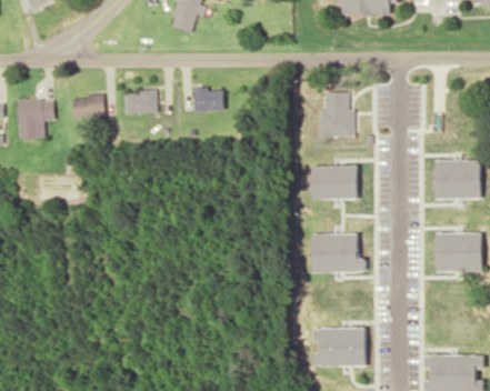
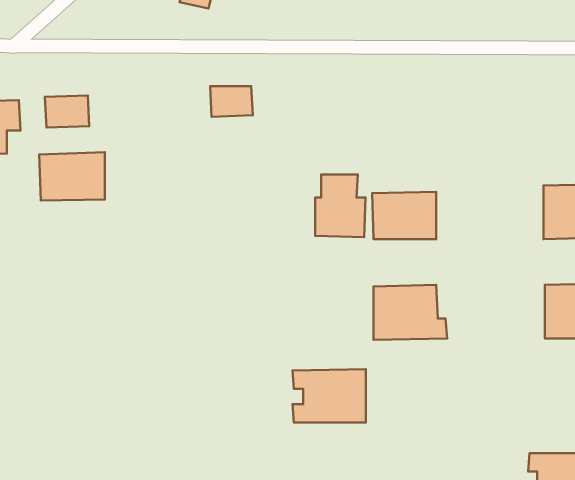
building: [124,91,157,114] -> none
building: [318,92,354,138] -> [315,175,366,237]
building: none -> [39,152,105,200]
building: [312,328,366,367] -> [292,369,366,423]

